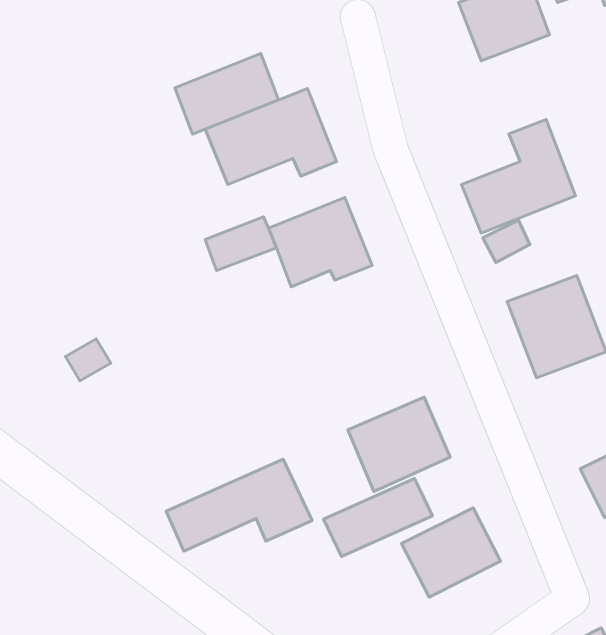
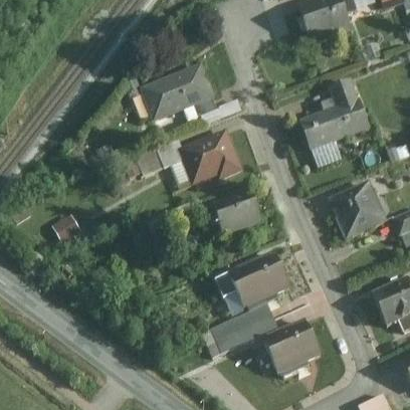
building: [175,54,278,134] -> none
building: none -> [209,190,259,237]
building: [166,459,312,551] -> none

